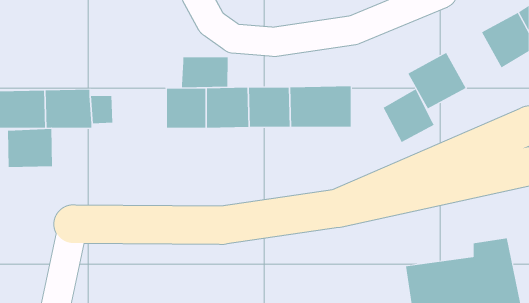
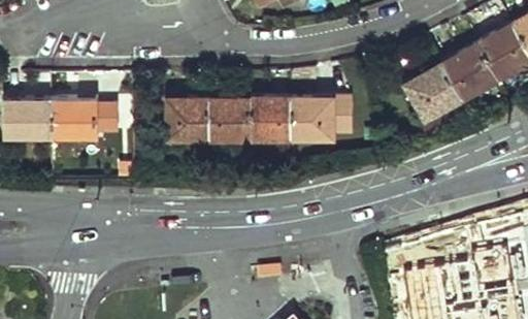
building: none -> [443,45,497,100]
building: [181,57,228,88] -> none
building: [383,88,434,143] -> none
building: [7,128,53,168] -> none

